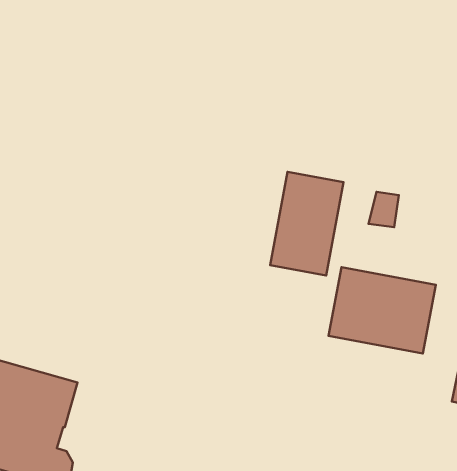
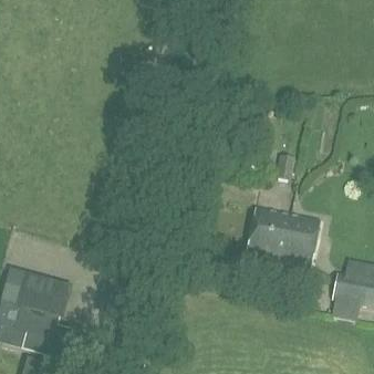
building: [270,172,343,275] -> none

